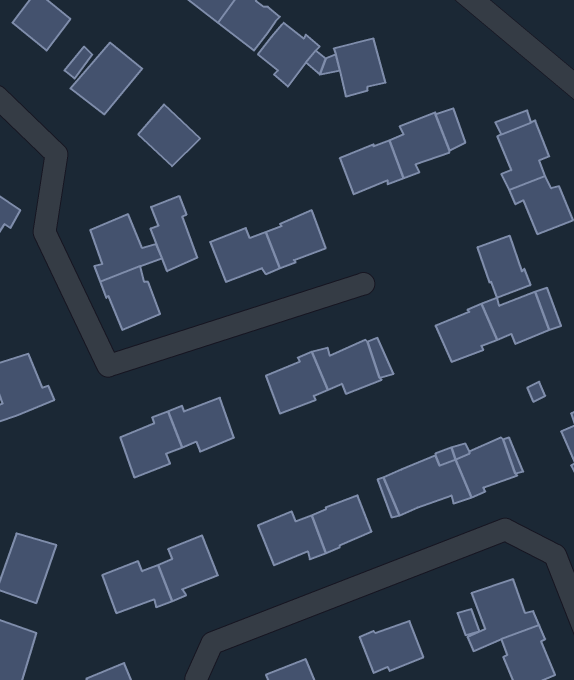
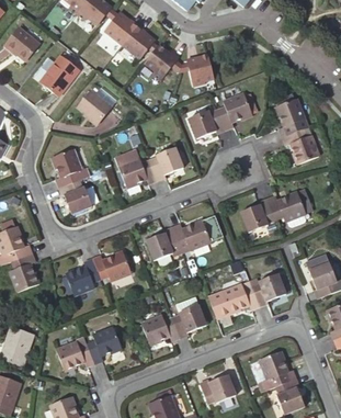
building: [151,196,197,271] -> none
building: [478,236,530,298] -> none
building: none -> [10,252,39,291]

